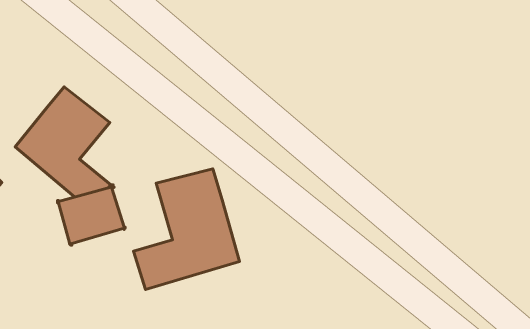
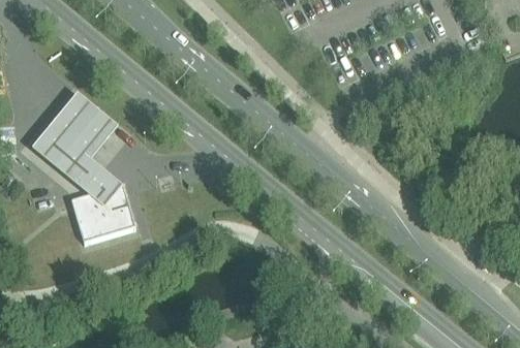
building: [133,169,239,290] -> none

